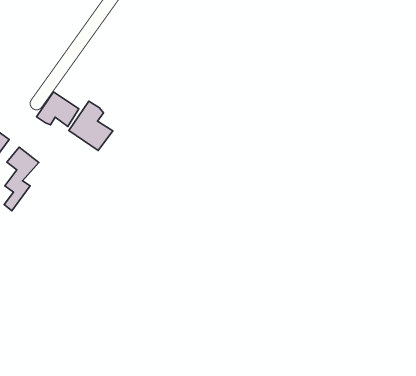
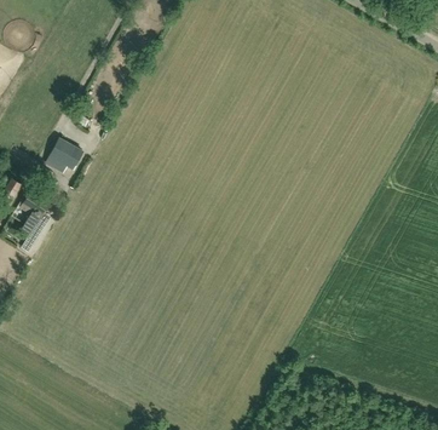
building: [69,101,113,150] -> none

